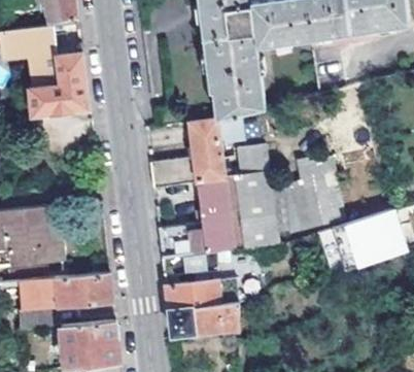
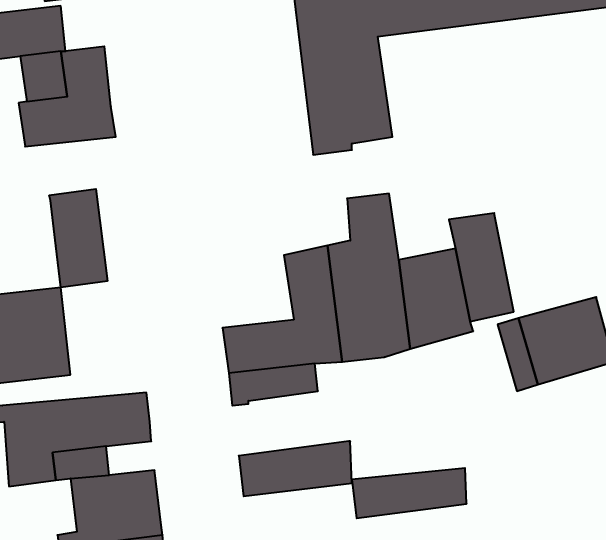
building: [149,117,241,191] -> none
building: none -> [49,189,107,287]
building: [164,280,237,312] -> [352,468,467,518]

